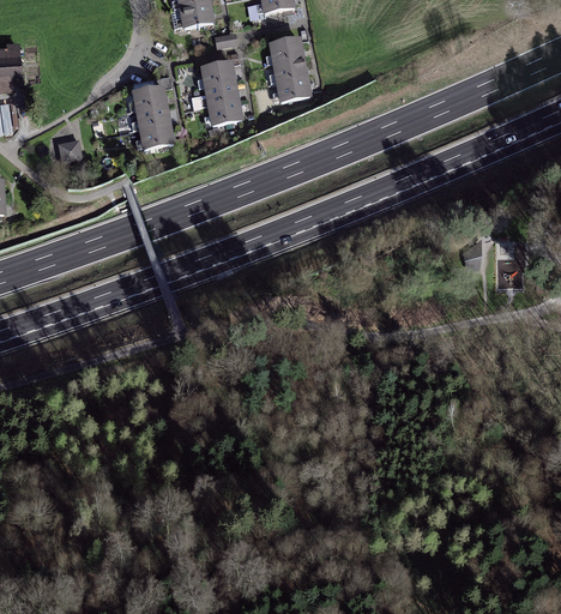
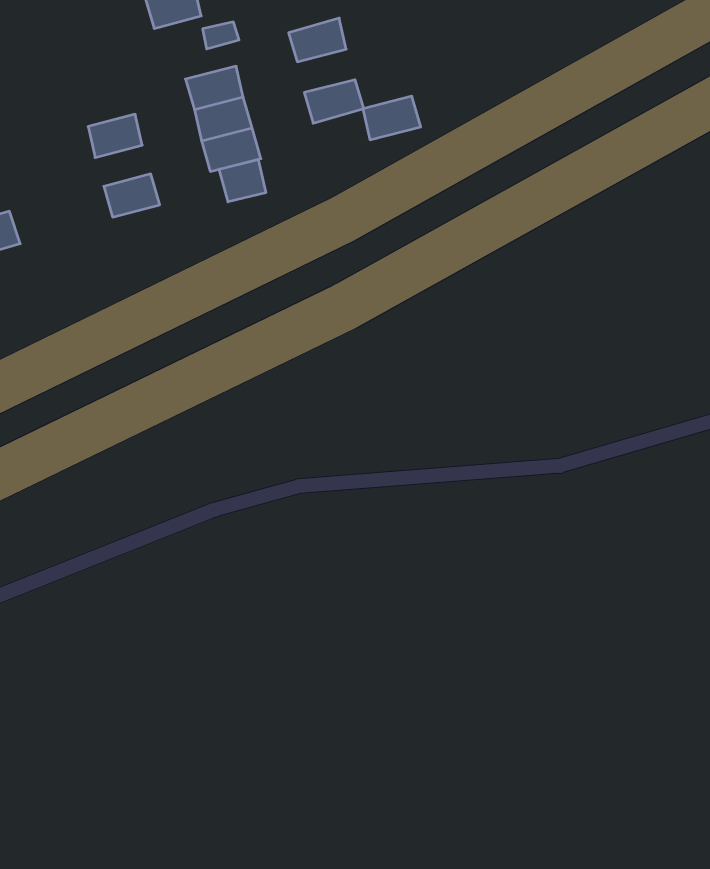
building: [272,55,308,80] -> [363,96,421,140]
building: [135,103,170,127] -> none
building: none -> [219,159,266,202]

